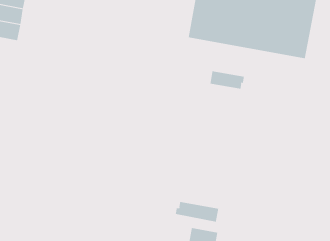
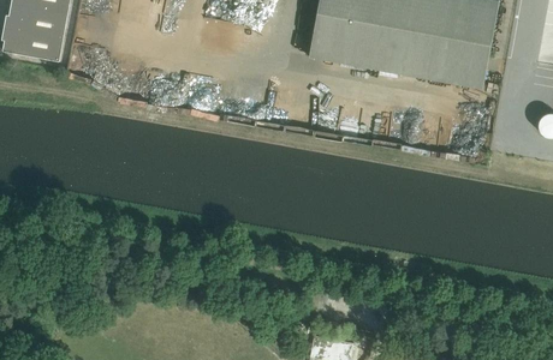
building: [210,70,244,89] -> none
building: [175,201,219,222] -> none

